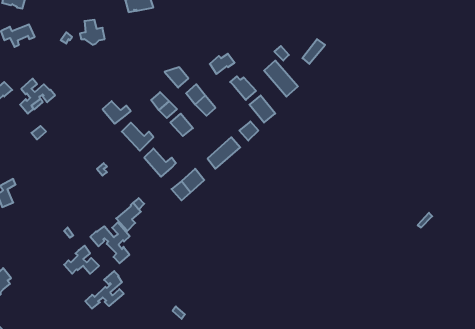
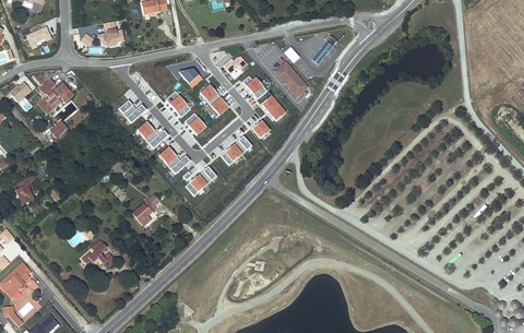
building: [90,222,130,263] -> none
building: [85,271,124,309] -> none

